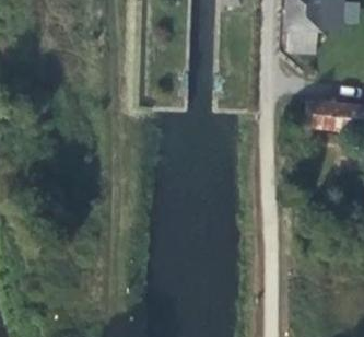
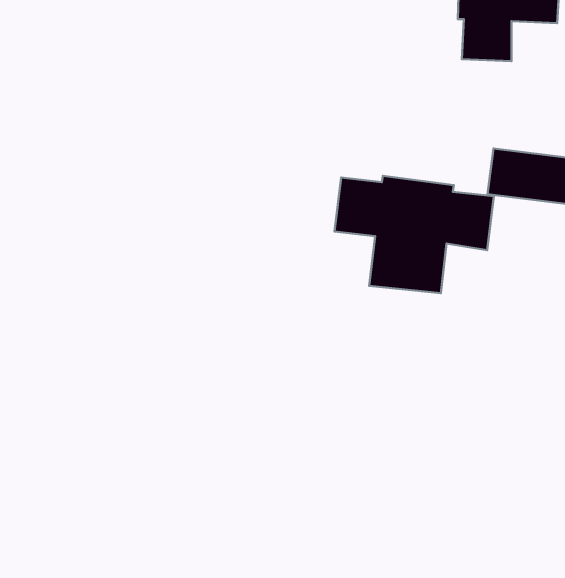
building: none -> [334,176,494,293]

